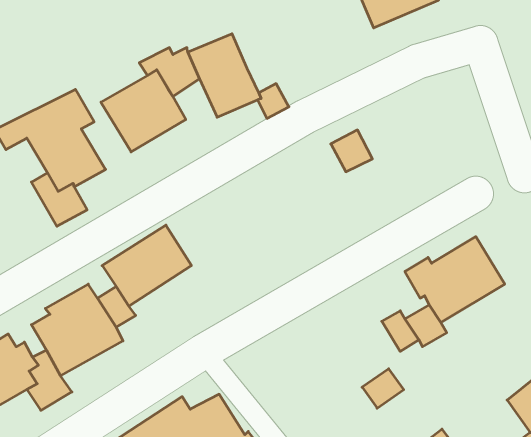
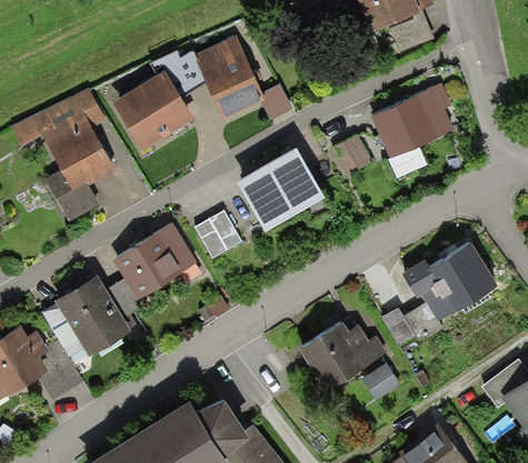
building: none -> [390,17,435,57]
building: none -> [370,81,454,154]
building: none -> [237,150,323,232]
building: none -> [192,213,240,261]
building: none -> [299,315,387,385]

